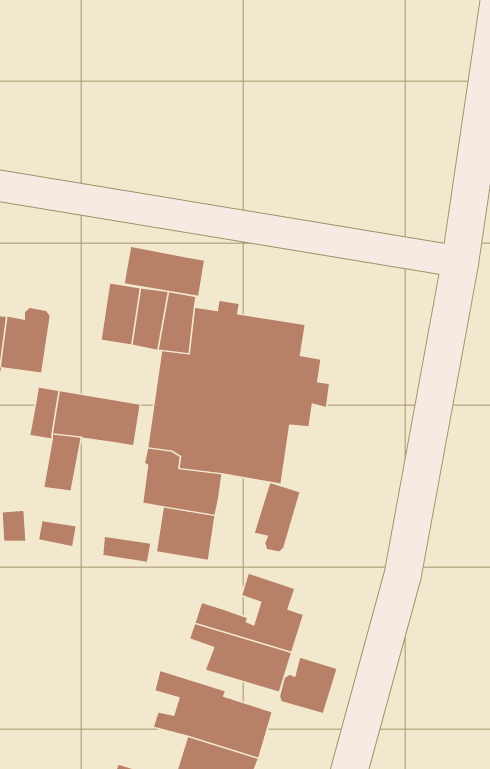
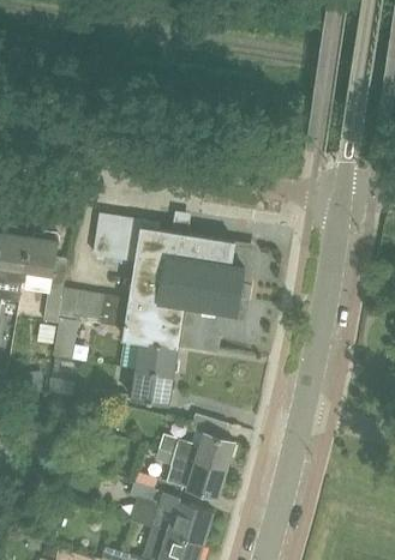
building: [124,246,205,296] -> none
building: [254,482,301,552] -> none
building: [279,657,337,714] -> none

